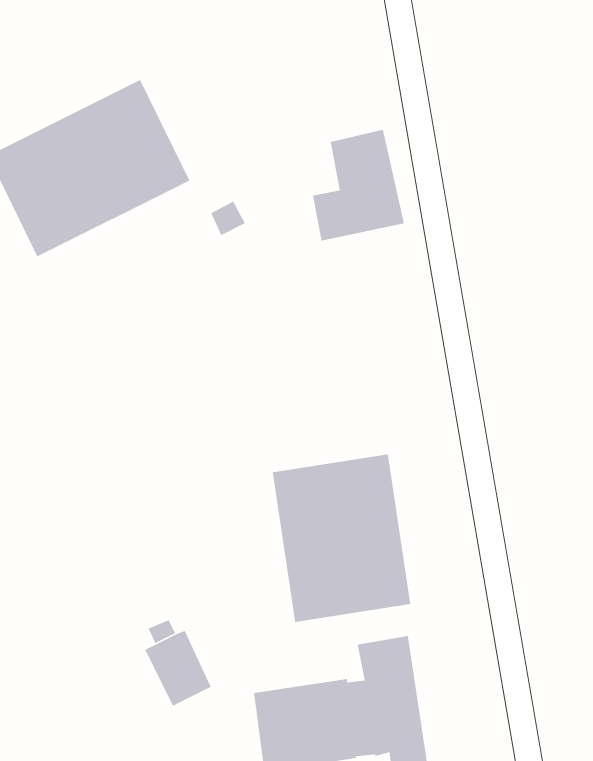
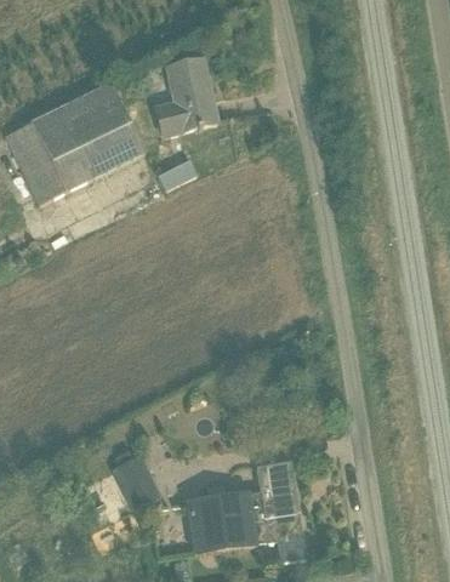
building: [312,129,405,242] -> [154,58,217,135]
building: [272,454,411,623] -> none

